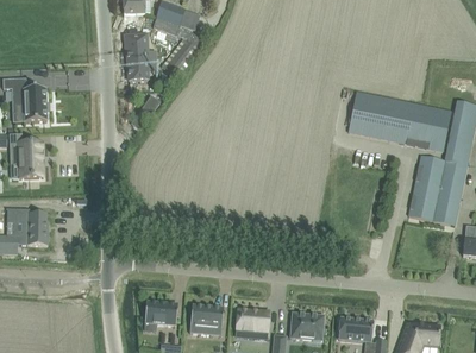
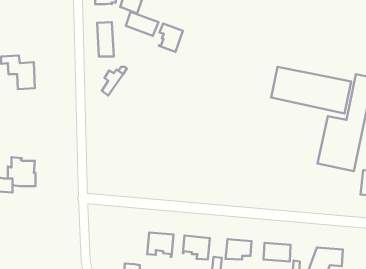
building: none -> [159,23,183,52]
building: [11,141,42,178] -> none
building: [144,301,177,324] -> none

